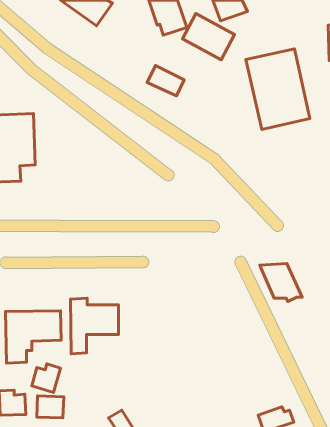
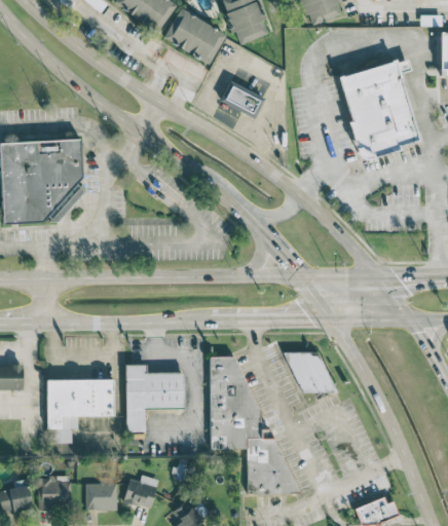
building: [182,13,235,60] -> [162,7,226,64]
building: [260,264,302,301] -> [285,350,336,397]
building: none -> [210,355,298,493]
building: [32,364,60,393] -> [123,474,158,509]

